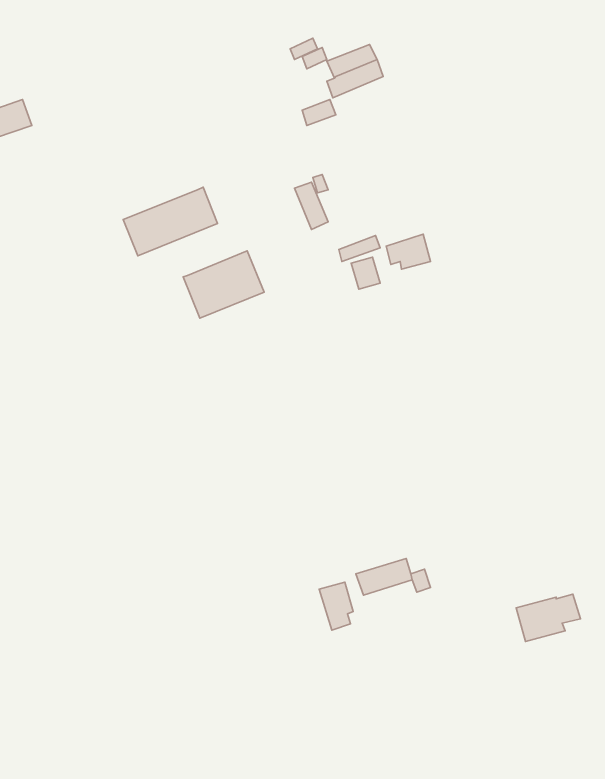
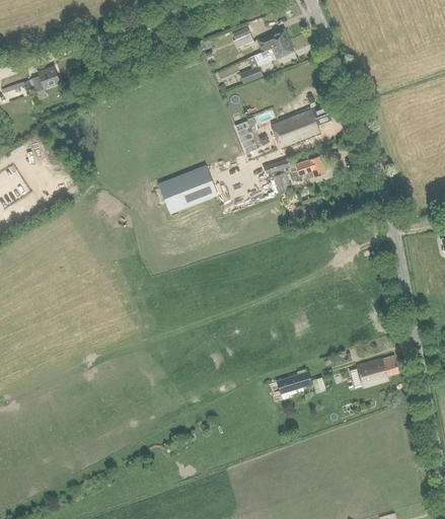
building: none -> [270,101,331,149]
building: [123,187,218,256] -> none
building: [319,582,353,630] -> none
building: [516,594,580,642] -> [356,356,398,387]

